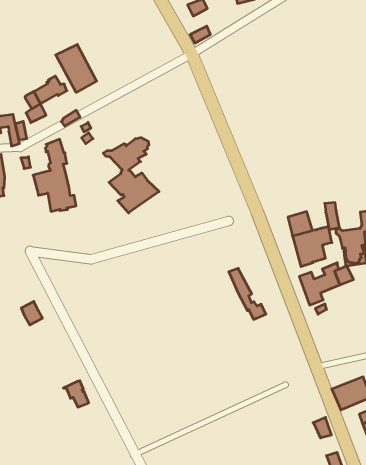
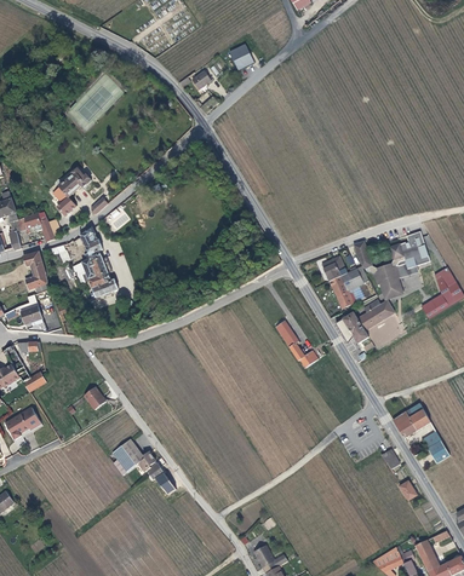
building: [56,44,97,92] -> none
building: [103,138,159,213] -> none
building: none -> [105,438,150,473]

